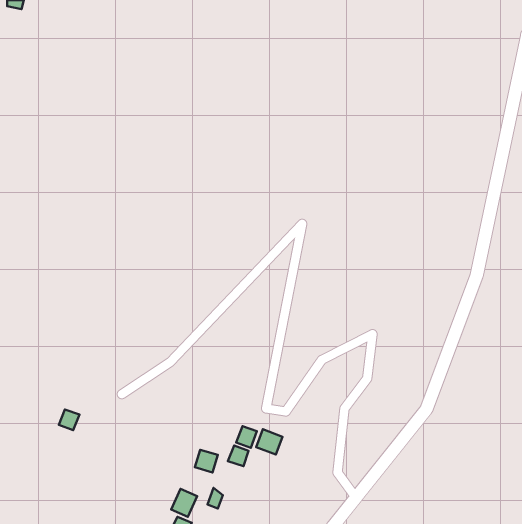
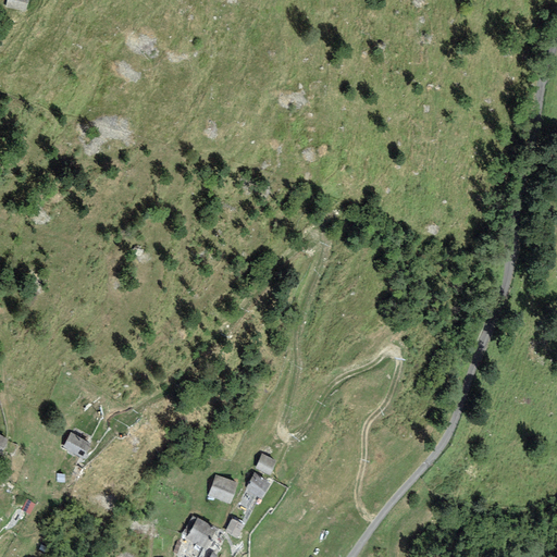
building: [256,429,282,455] -> none

